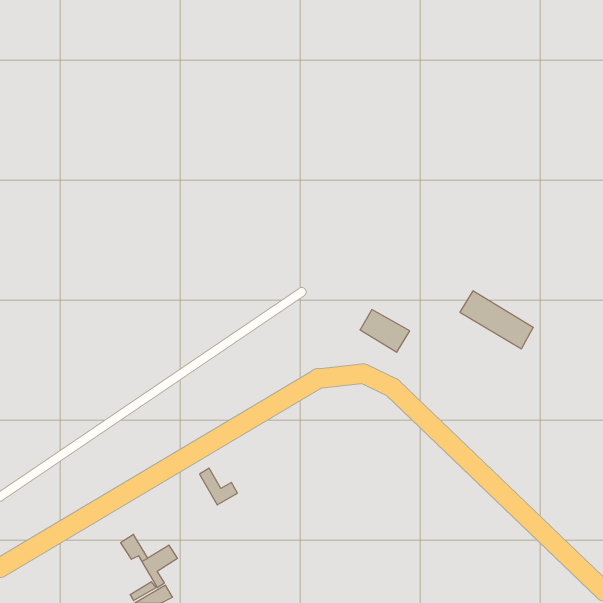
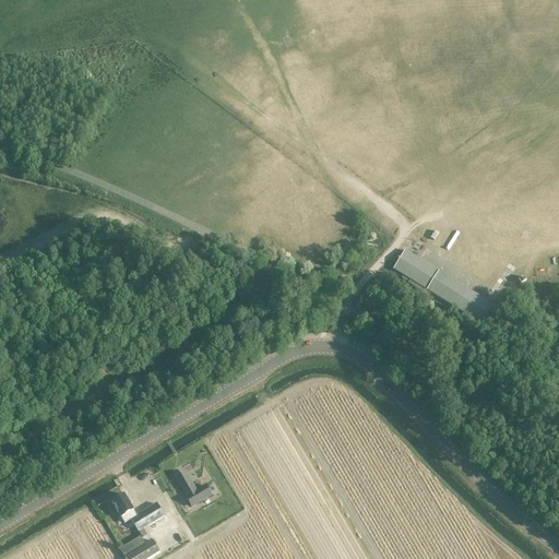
building: [360,310,410,352] -> [392,249,438,288]
building: [200,468,237,505] -> [177,472,212,506]

